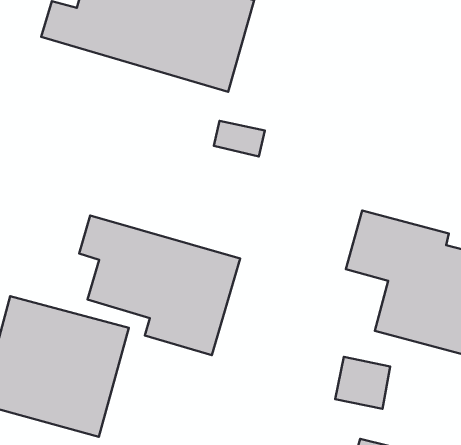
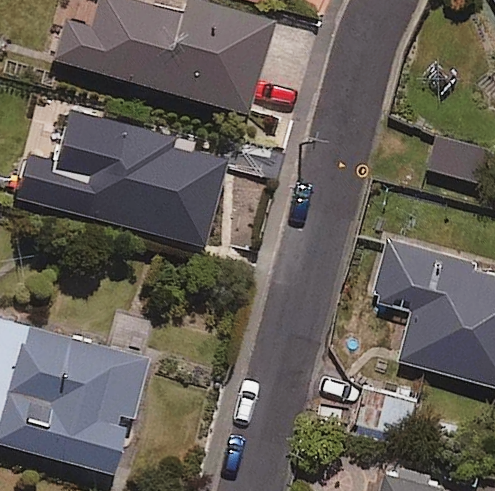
building: none -> [63,116,229,250]
building: [79,216,240,355] -> none

